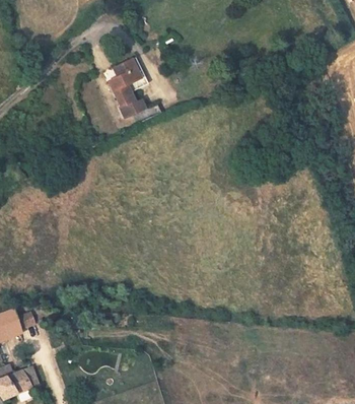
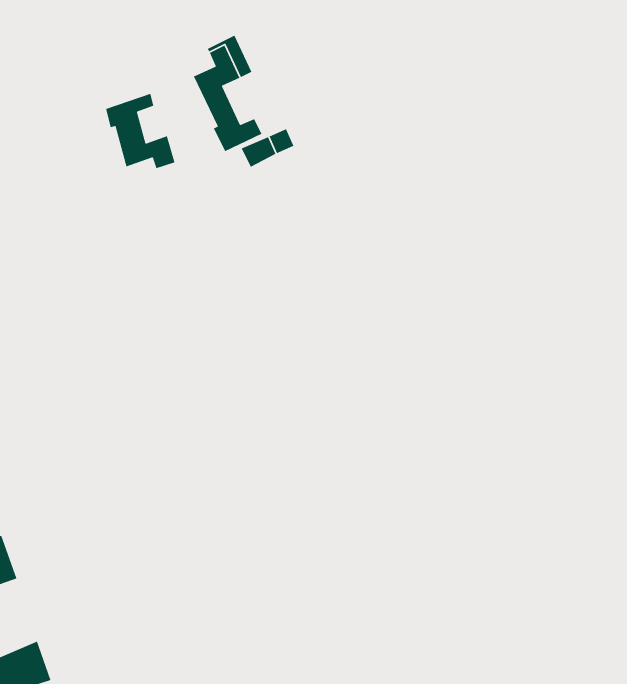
building: none -> [105,93,175,169]

